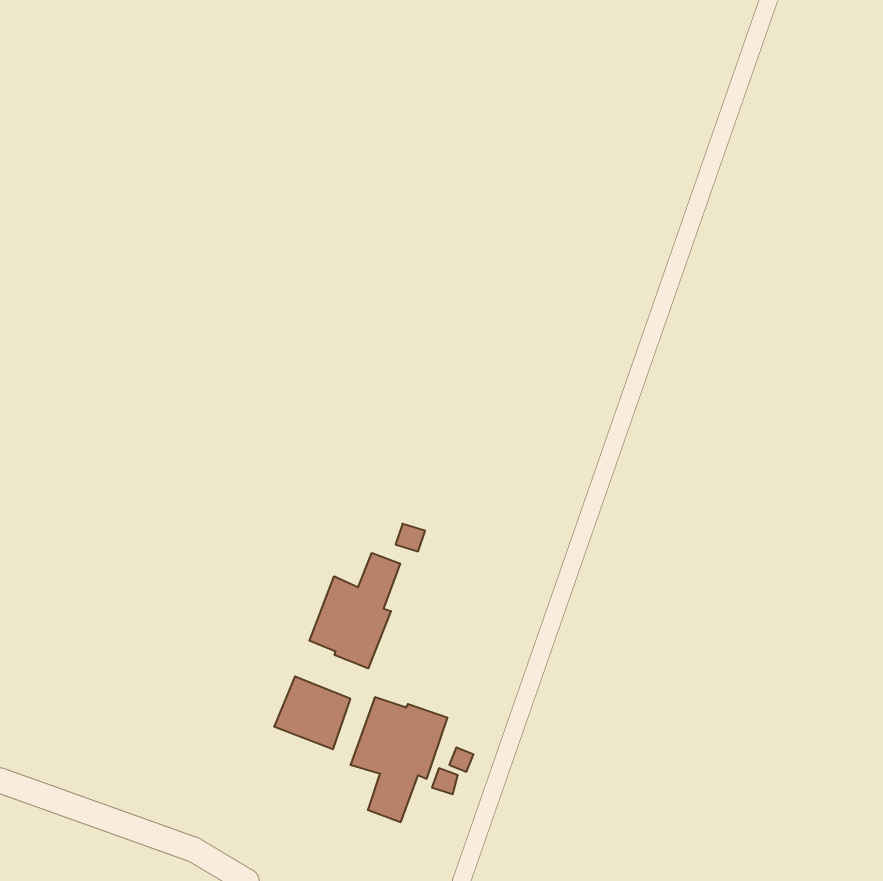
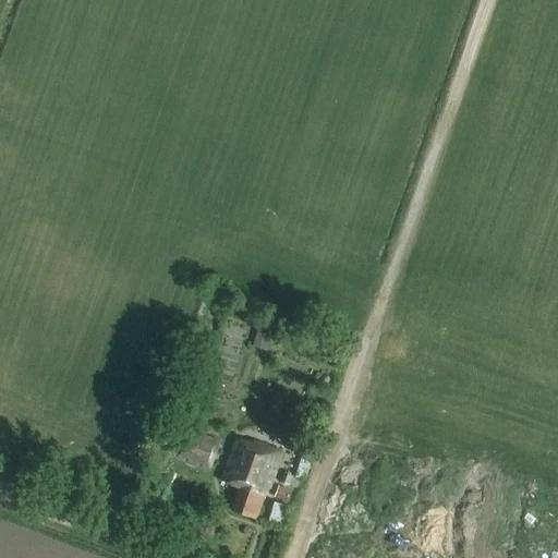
building: [309,553,400,668] -> none

